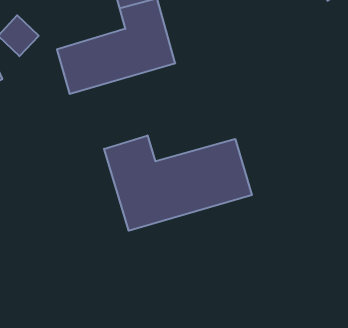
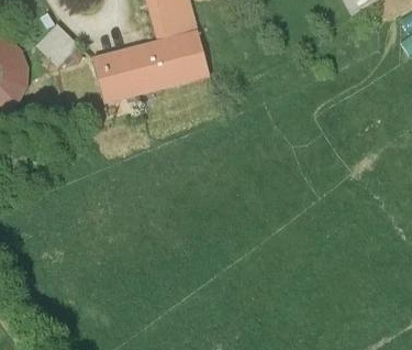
building: [104,135,252,231] -> none

